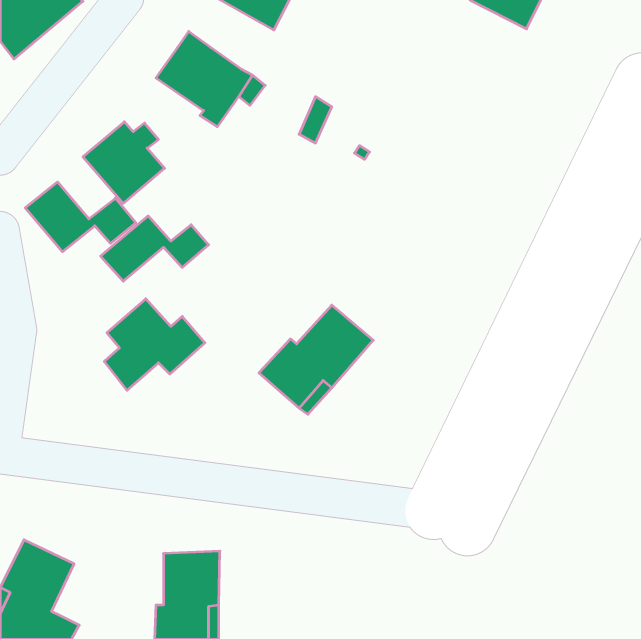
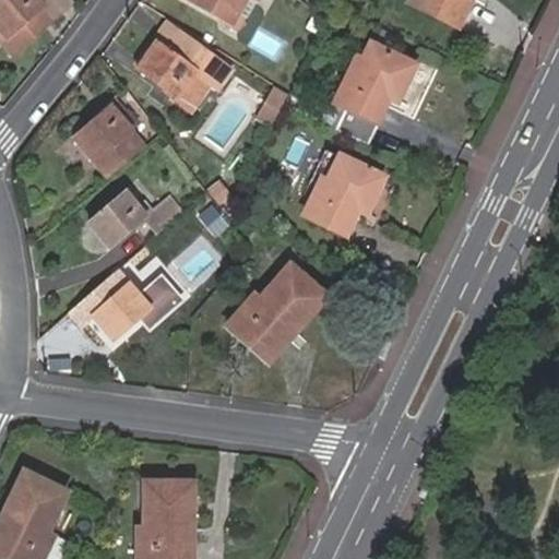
building: none -> [334,43,413,143]
building: none -> [305,155,384,235]
building: [25,182,136,252] -> none

